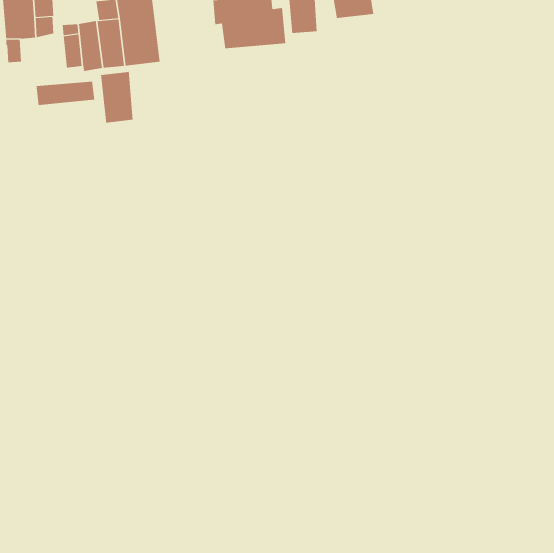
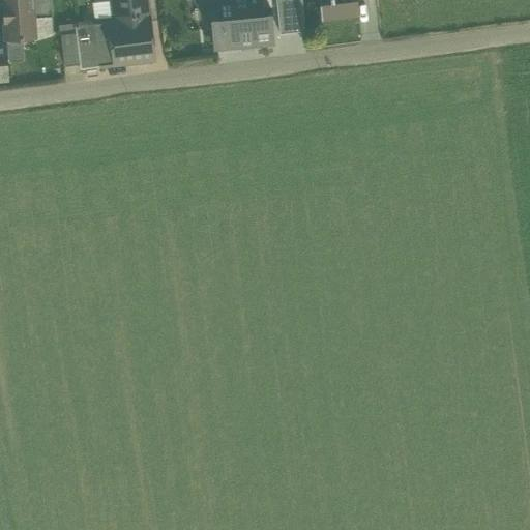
building: [100,71,133,123] -> none
building: [36,81,95,106] -> none

